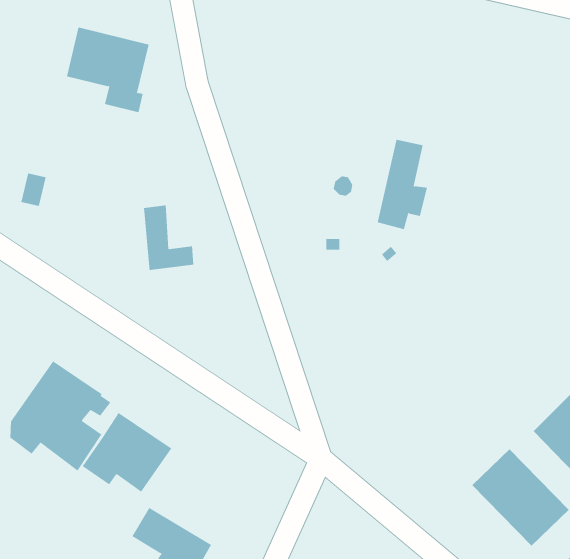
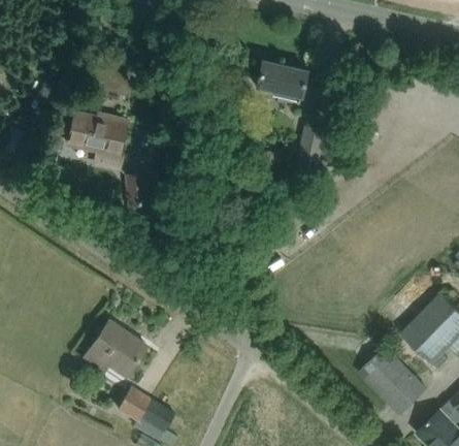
building: [66,27,149,113] -> [67,107,126,168]
building: none -> [255,60,319,103]
building: [10,361,111,472] -> none

